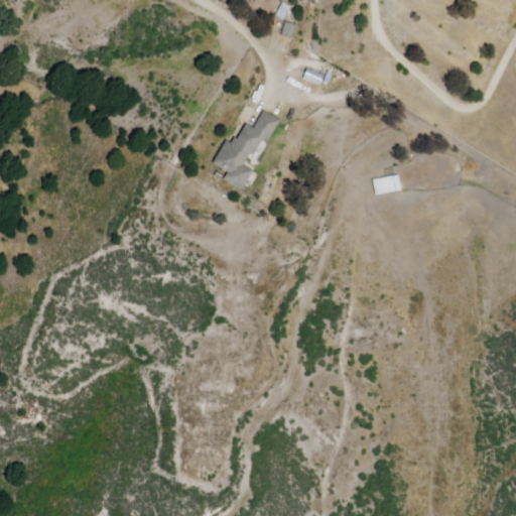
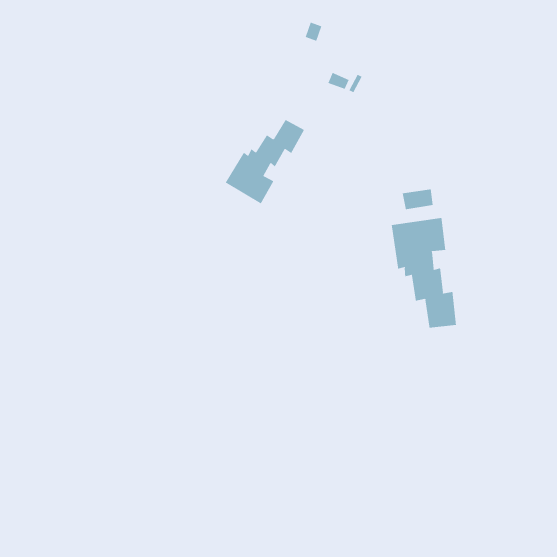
building: none -> [391,217,456,329]

